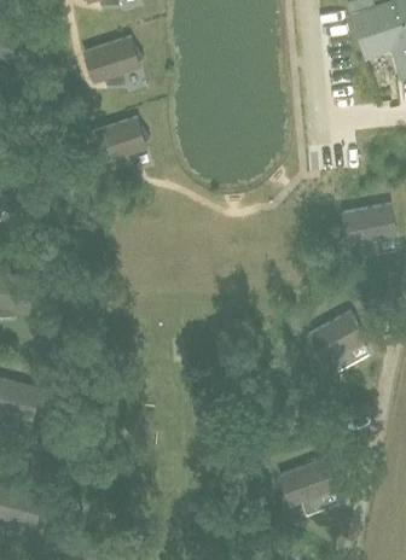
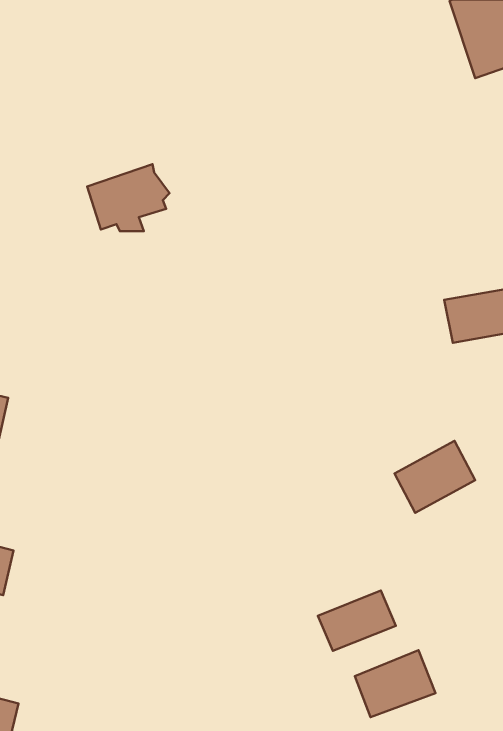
building: [85,37,143,83] -> none
building: none -> [318,591,396,651]

